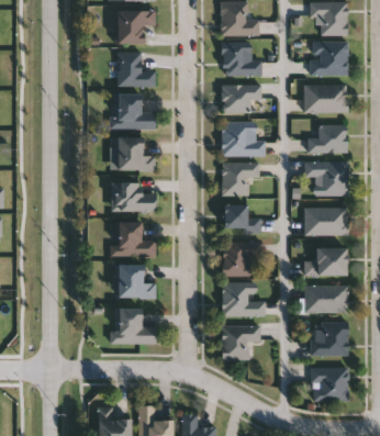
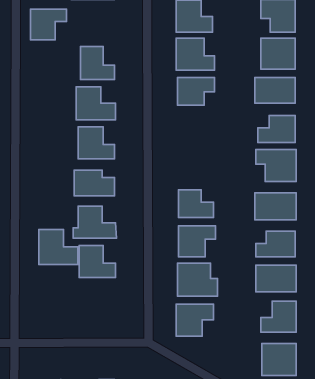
building: [116,11,155,44] -> [31,9,67,40]
building: [221,122,266,156] -> none
building: [222,163,259,197] -> none
building: [114,308,156,345] -> [39,229,78,264]

